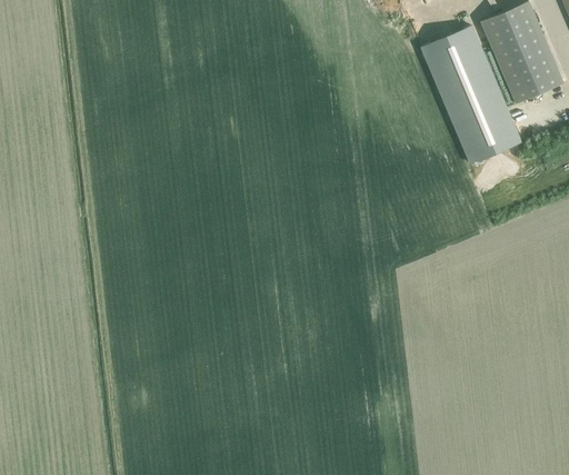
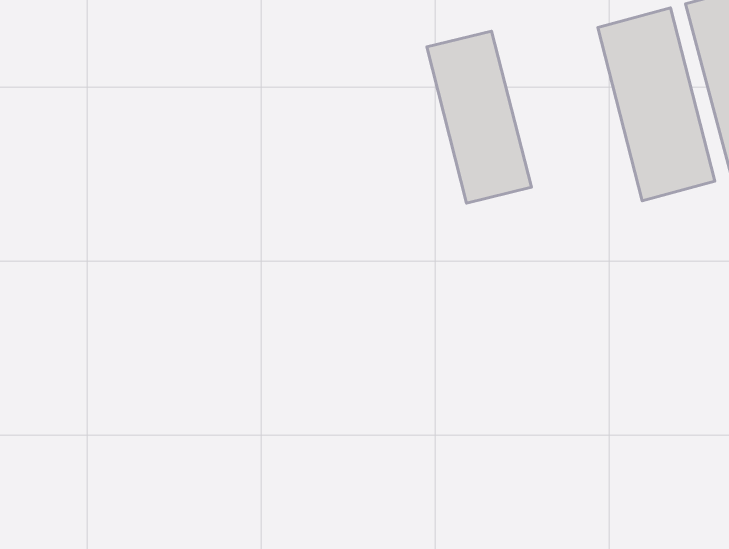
building: none -> [427,31,531,203]

